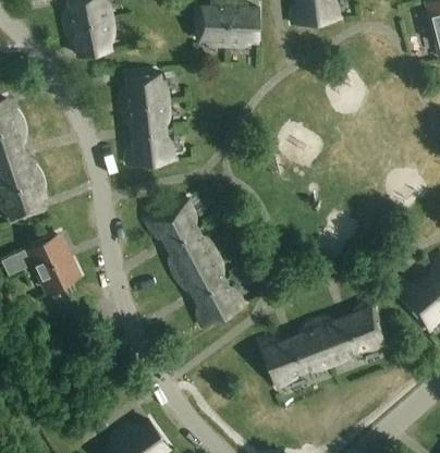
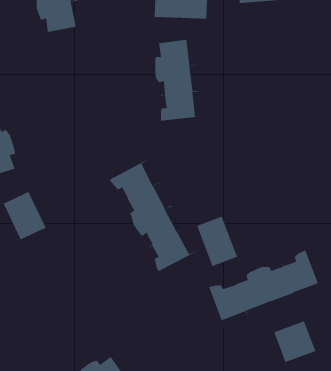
building: [123,74,178,167] -> [154,39,203,121]
building: none -> [196,216,238,267]
building: none -> [273,320,316,363]

